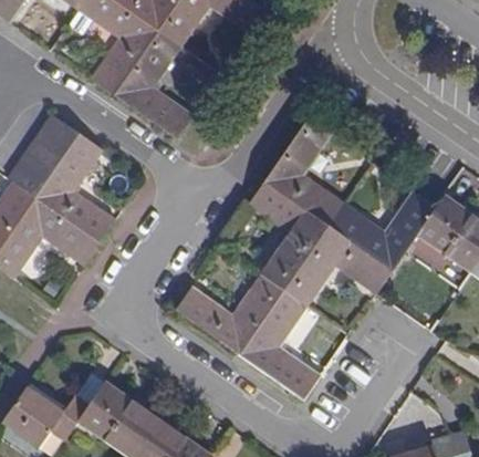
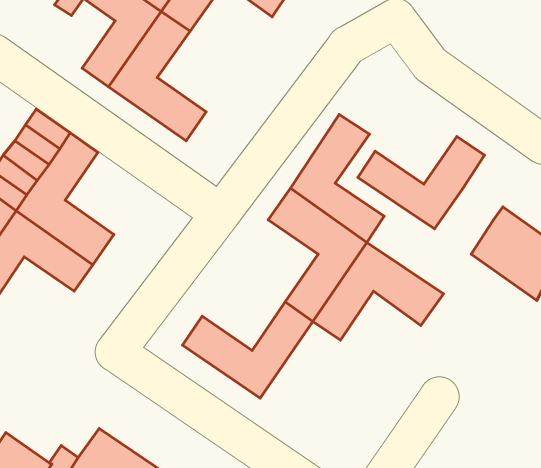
building: [330,190,436,268] -> [358,137,484,229]
building: [240,291,321,399] -> none

